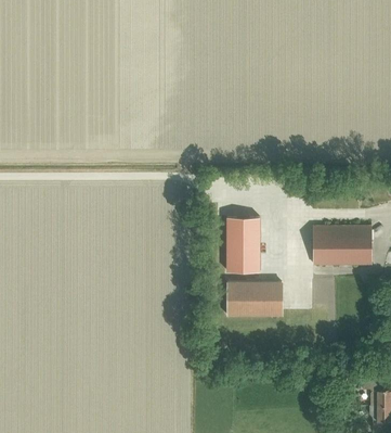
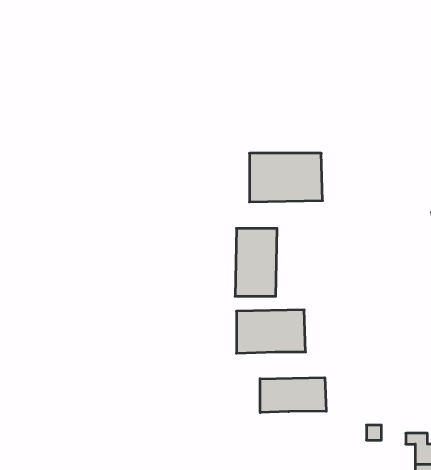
building: [313,226,372,265] -> [249,153,323,202]
building: none -> [260,378,326,413]

